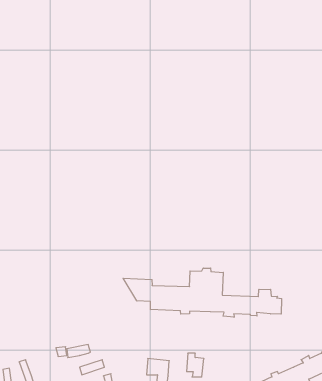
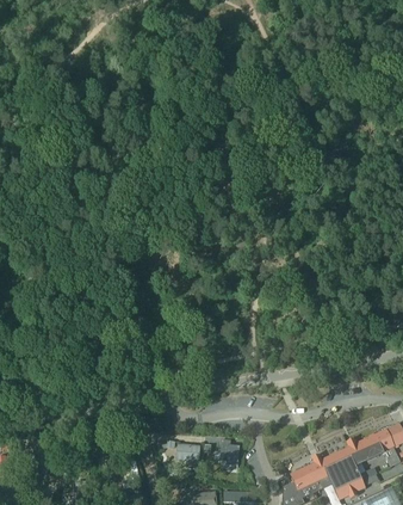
building: [123,268,282,317] -> none

